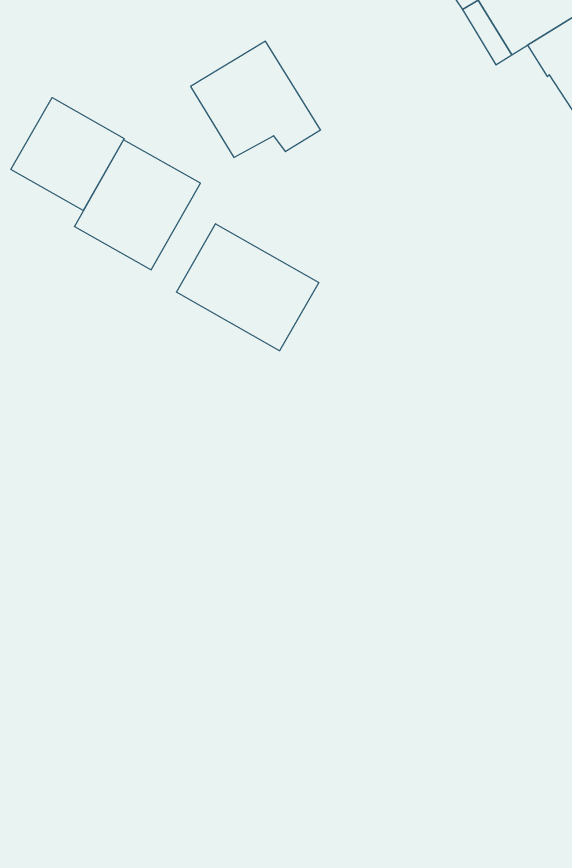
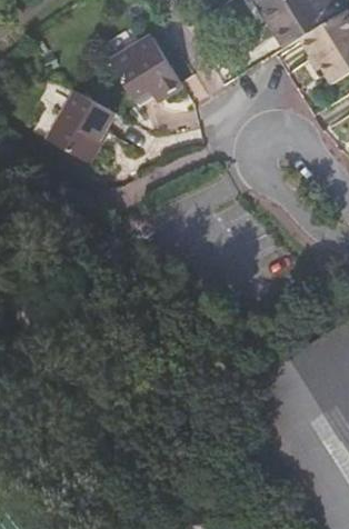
building: [11,98,124,210] -> none
building: [176,224,319,351] -> none

